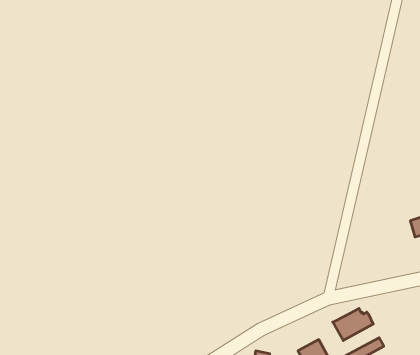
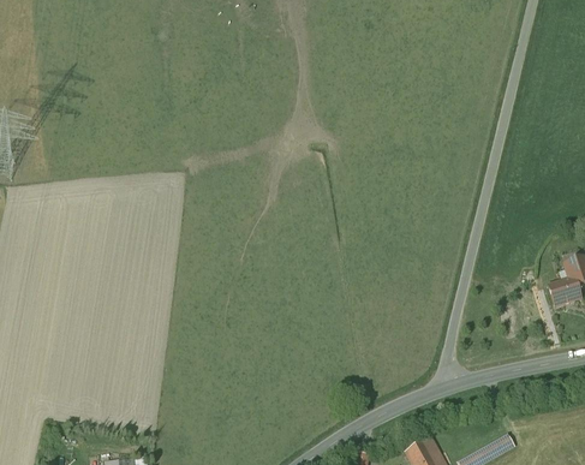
building: [333,308,373,341] -> none

